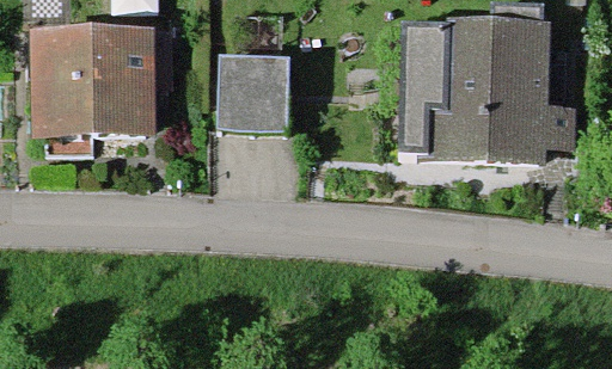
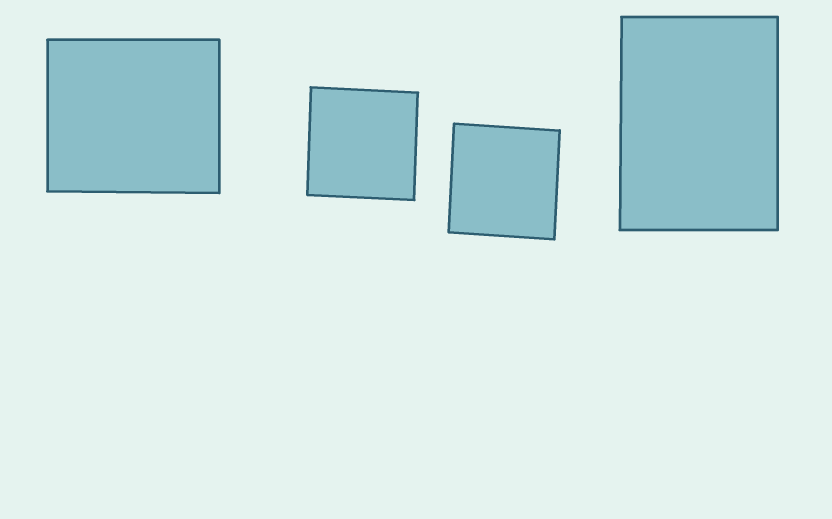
building: none -> [449,124,560,239]

